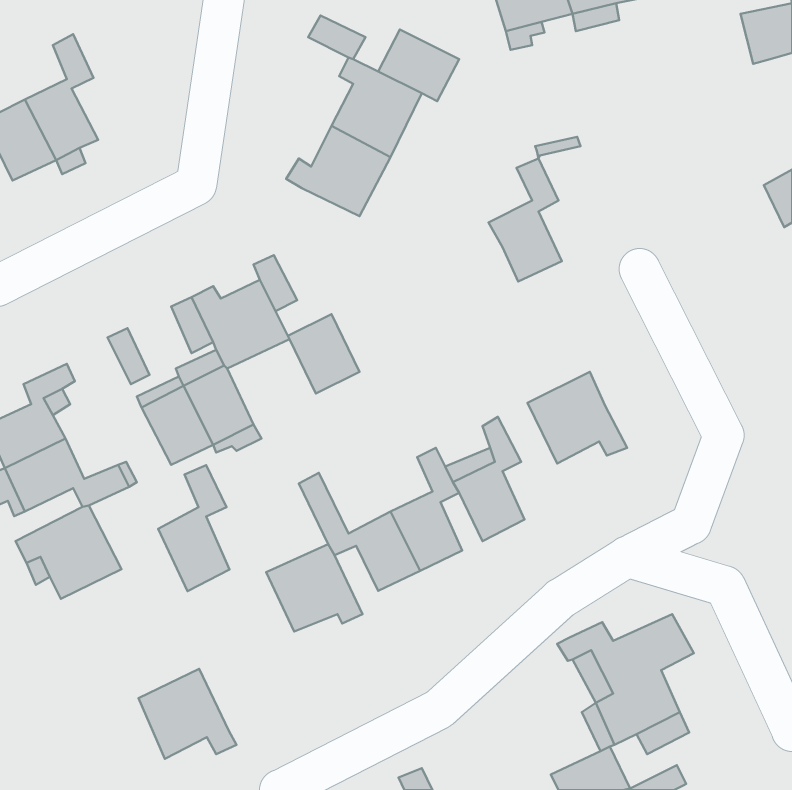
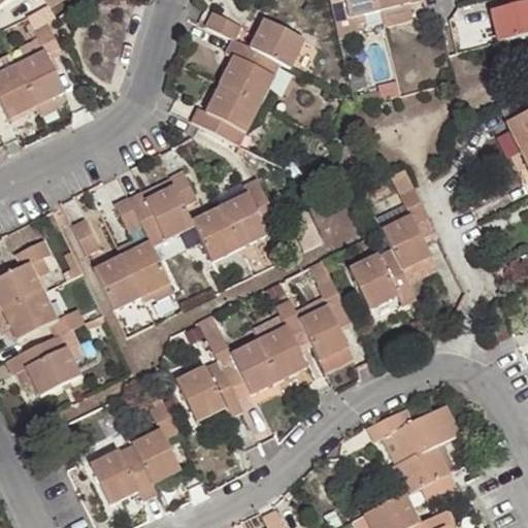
building: [489,159,562,281] -> [382,188,430,269]
building: none -> [220,178,279,246]
building: [158,465,230,591] -> [132,401,179,485]

